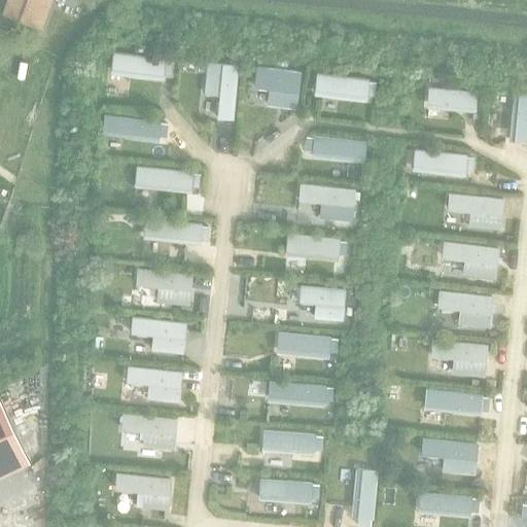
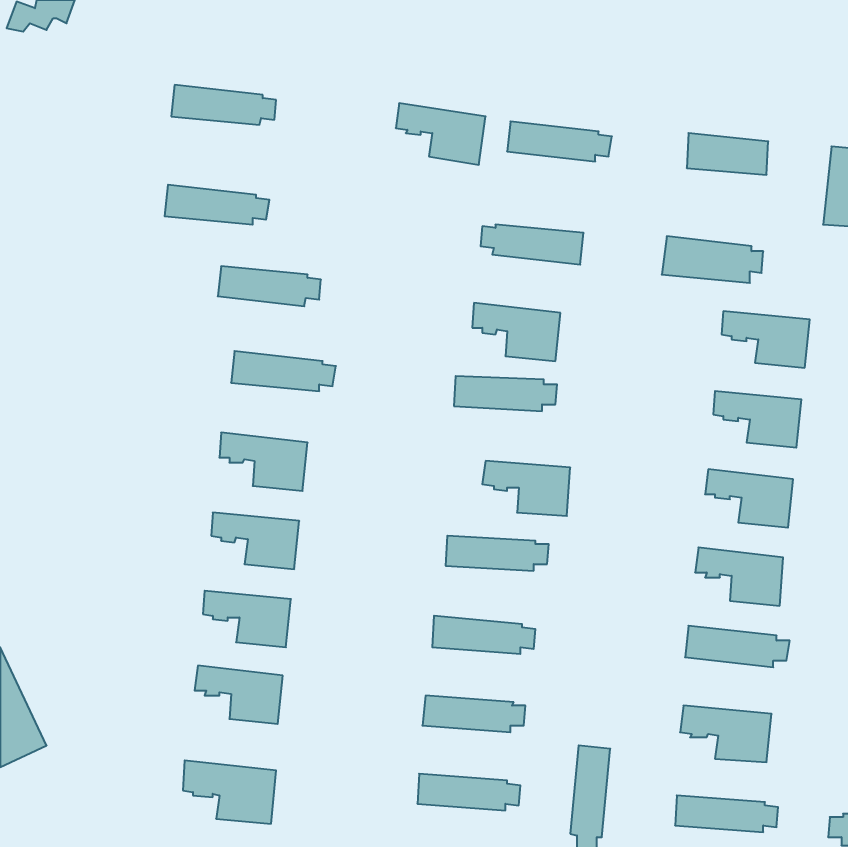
building: [205,64,238,119] -> none

